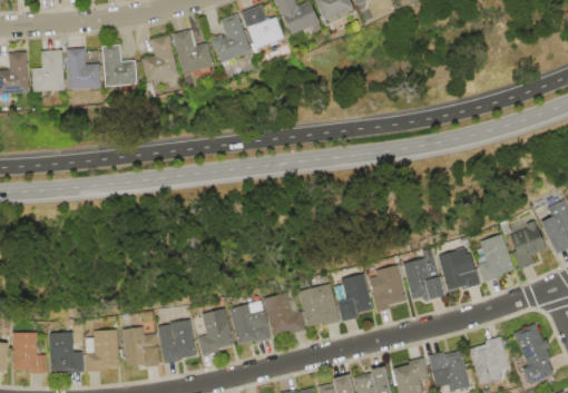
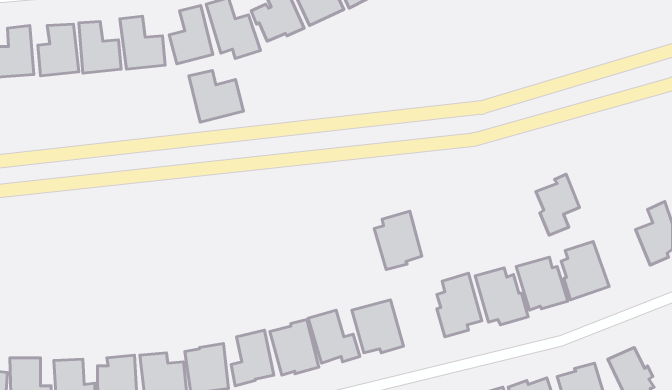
building: none -> [189,70,244,122]
building: [506,219,542,271] -> [536,174,580,235]
building: [331,272,371,321] -> [374,211,422,270]

